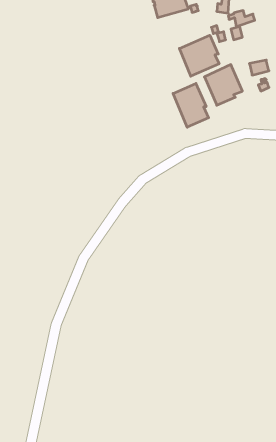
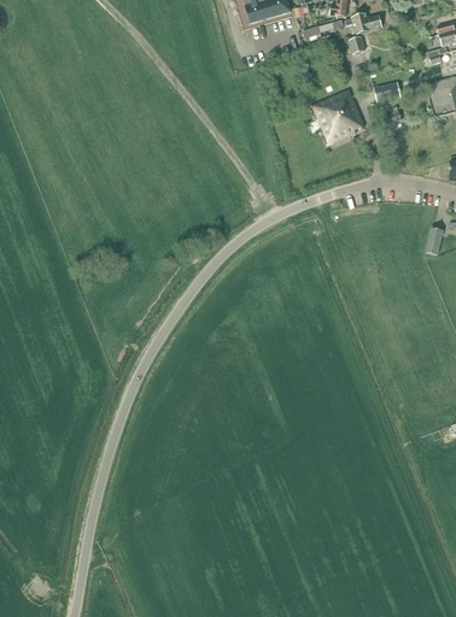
building: [179,35,219,76] -> none
building: [173,83,209,127] -> none

